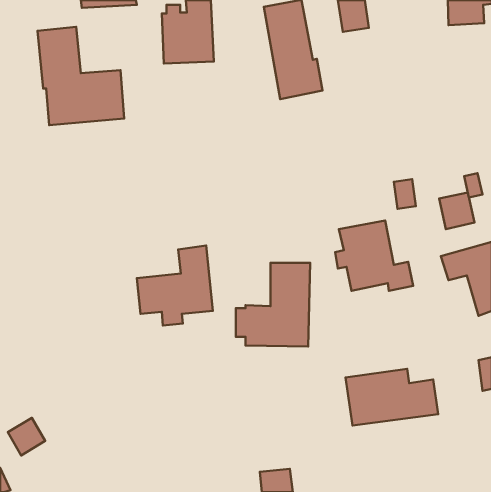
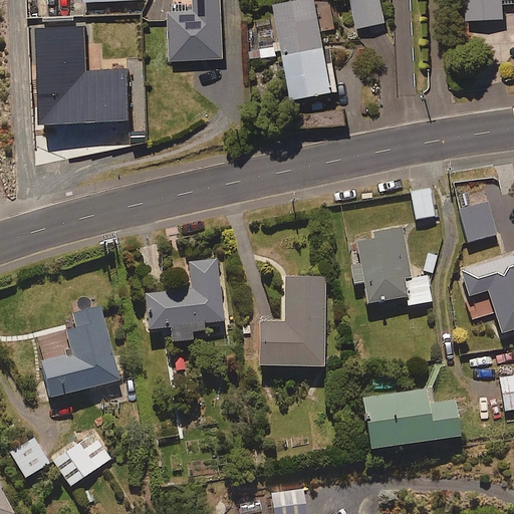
building: none -> [39,308,118,399]
building: none -> [53,436,109,488]

